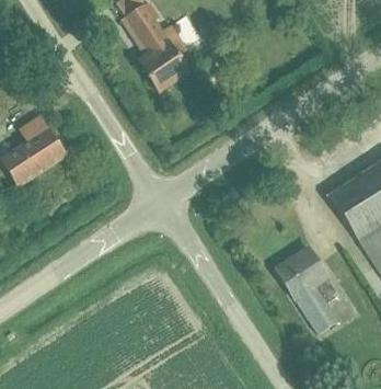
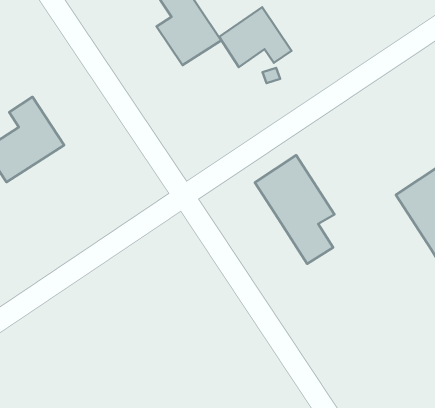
building: none -> [219,7,291,67]
building: [276,247,339,333] -> [255,155,335,264]

